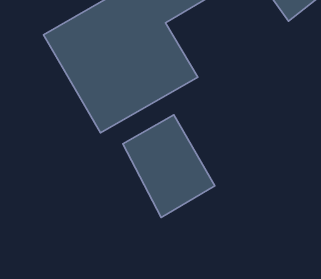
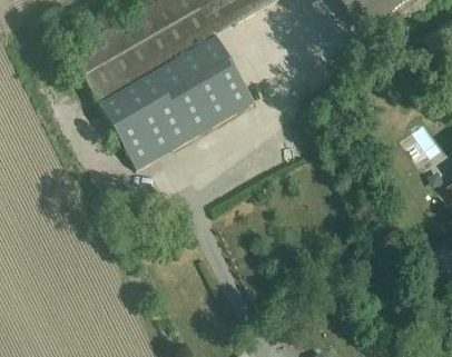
building: [123,115,215,218] -> none

